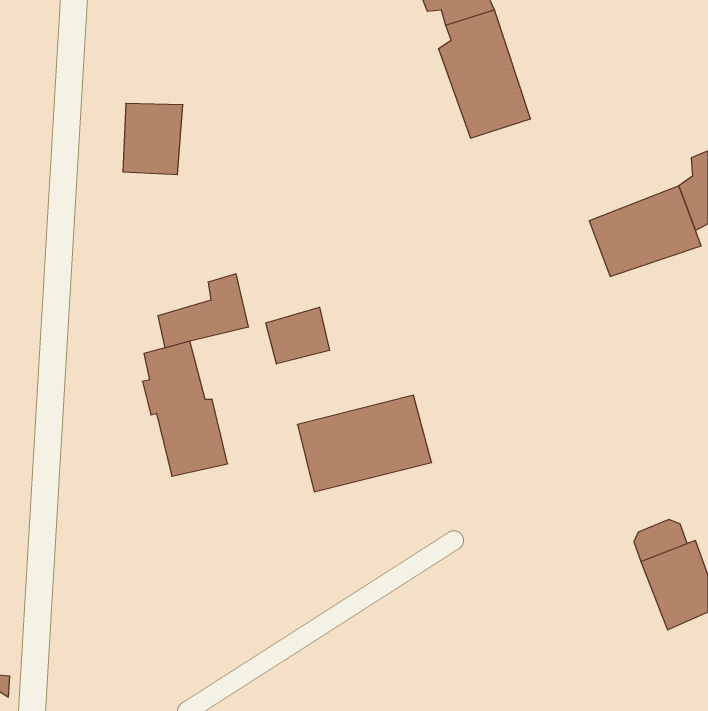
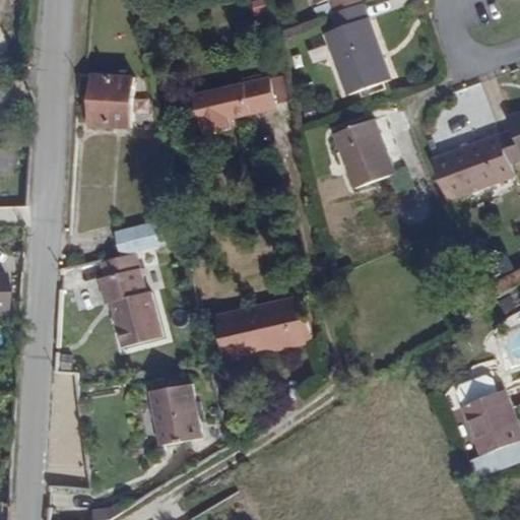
building: none -> [189,78,276,138]
building: none -> [327,118,388,190]
building: [266,307,330,364] -> none
building: none -> [155,384,203,446]

